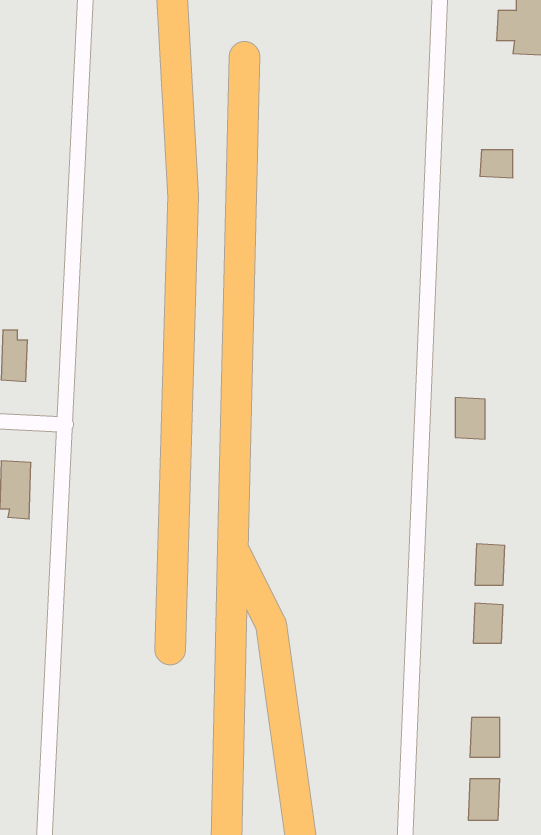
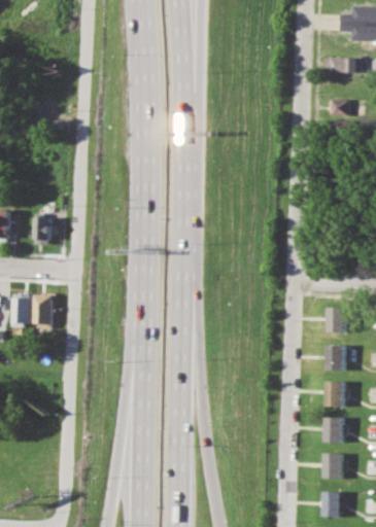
building: none -> [326,57,358,73]
building: [455,398,485,439] -> [330,307,348,332]
building: none -> [326,417,343,443]

